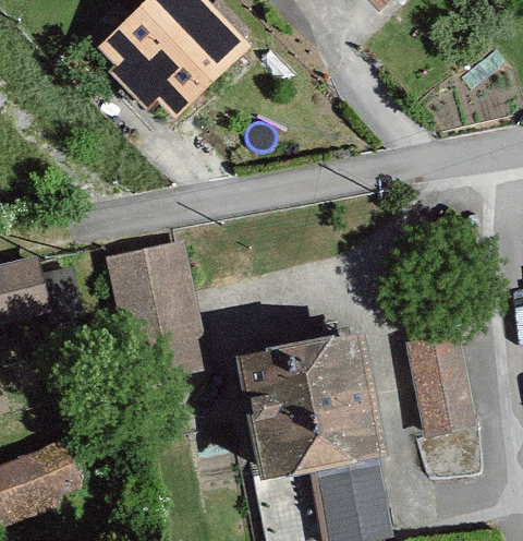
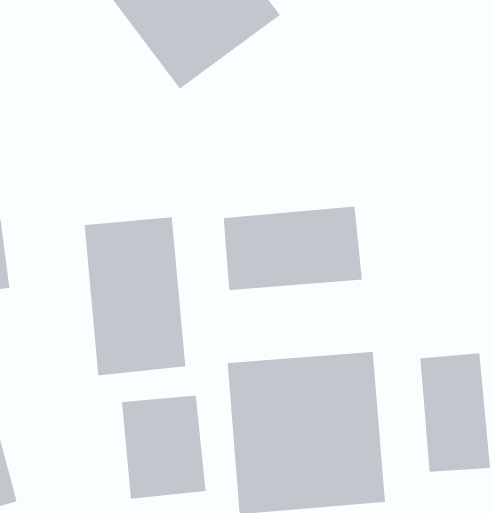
building: none -> [223,206,362,291]
building: none -> [122,395,206,500]

